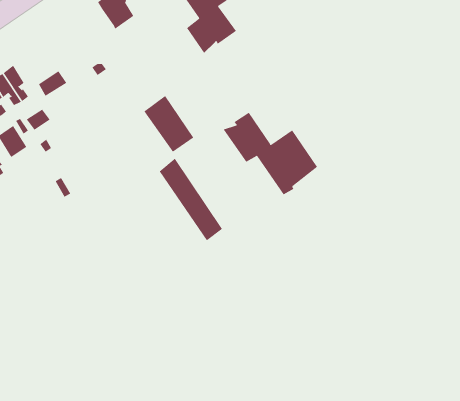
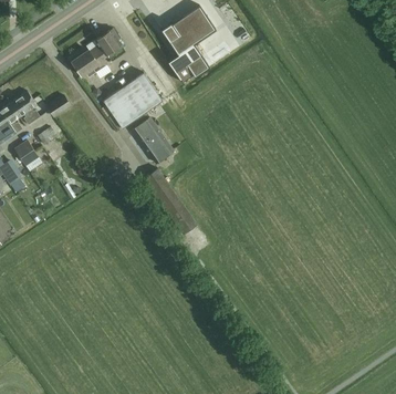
building: none -> [72,45,108,75]
building: none -> [103,73,161,127]
building: [223,112,318,195] -> none

